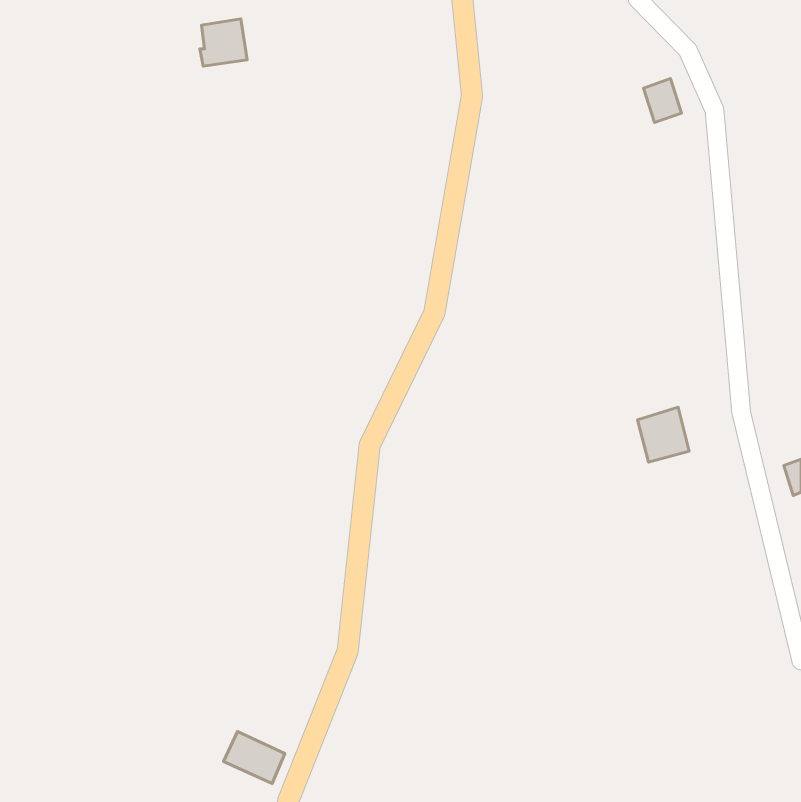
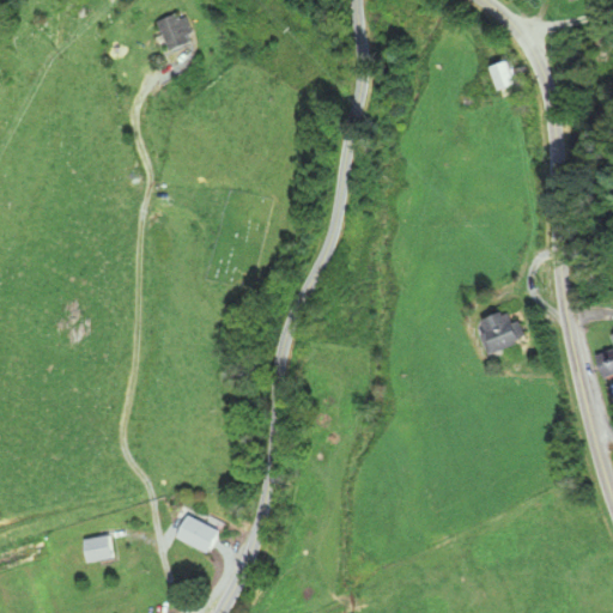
building: none -> [83,534,114,563]
building: [223,732,285,784] -> [171,514,218,553]

